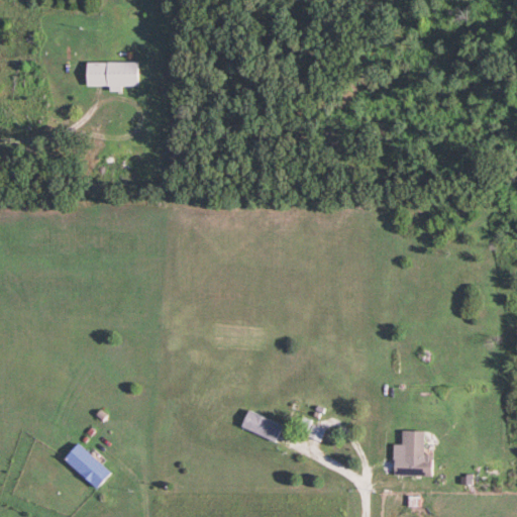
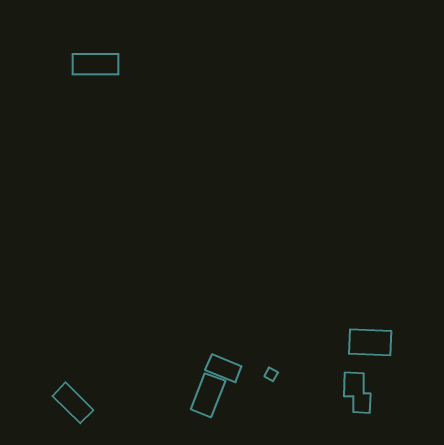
building: none -> [349,329,391,355]
building: none -> [191,373,225,417]

